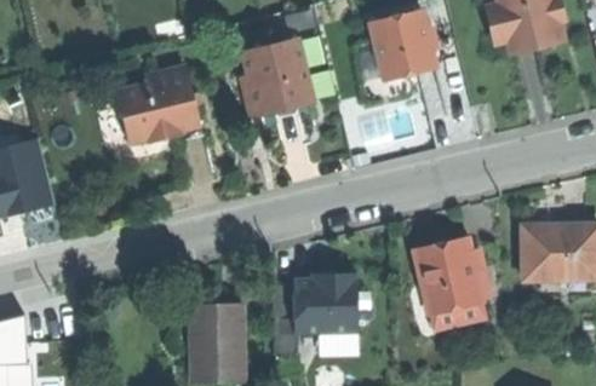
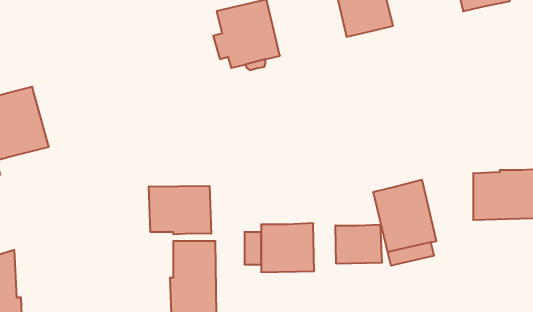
building: [116,67,197,142] -> none
building: none -> [149,186,211,234]
building: none -> [336,225,382,264]

